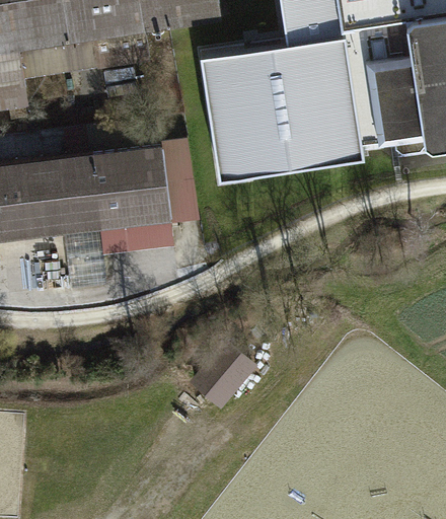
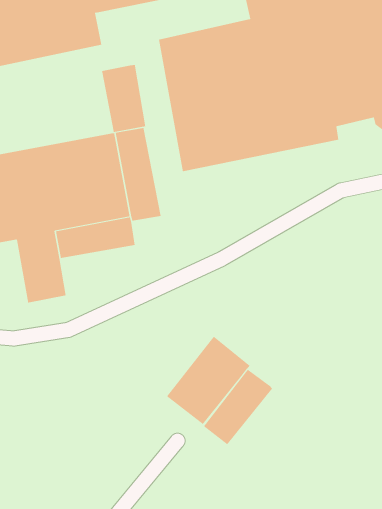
building: none -> [102,64,146,133]
building: none -> [203,369,273,445]

